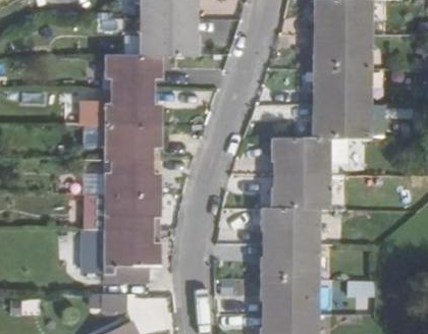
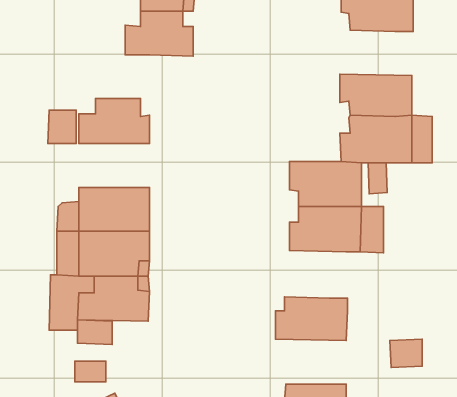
building: [311,35,369,70] -> none
building: [104,53,160,89] -> none
building: [104,124,160,159] -> none
building: [260,209,317,246] -> none
building: [260,279,316,315] -> none

